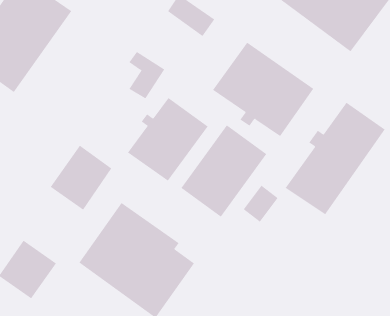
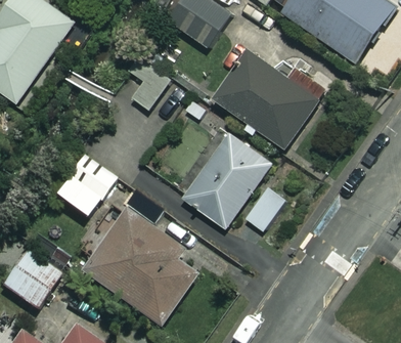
building: [127,97,208,181] -> none
building: [285,102,386,215] -> none

